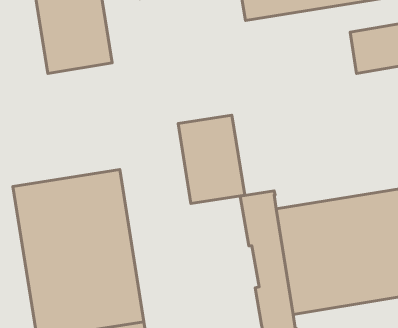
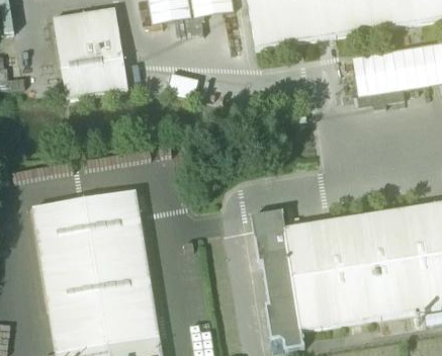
building: [178,115,245,204] -> none

